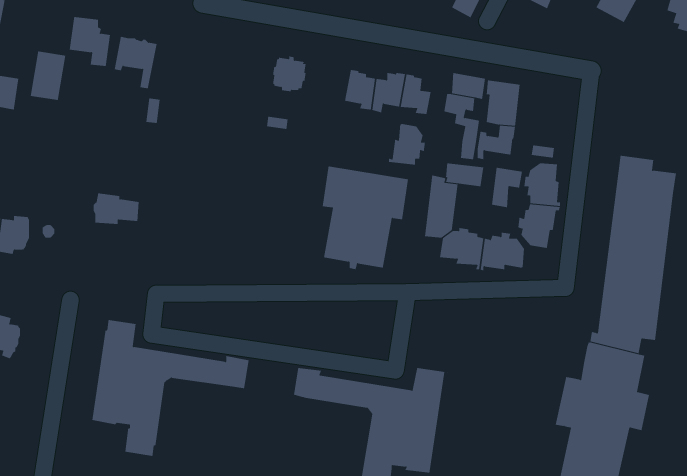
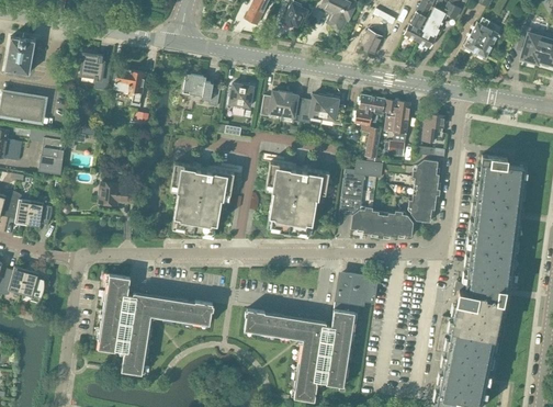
building: none -> [183,74,221,106]
building: [30,51,66,101] -> [38,138,65,174]
building: none -> [261,91,286,116]
building: [388,123,426,166] -> none
building: none -> [170,162,235,238]
building: [491,167,523,208] -> [422,113,445,143]
building: none -> [335,273,377,313]

